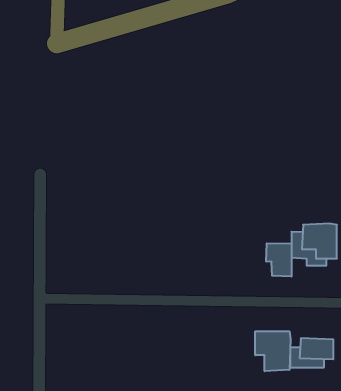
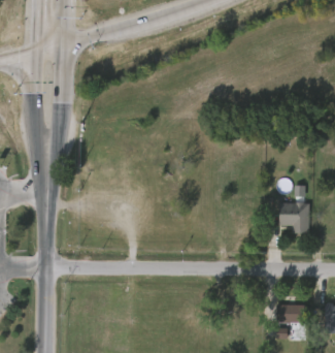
building: [266,243,291,277] -> none
building: [255,331,291,371] -> none

